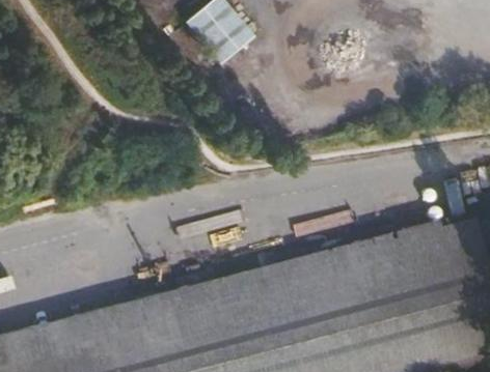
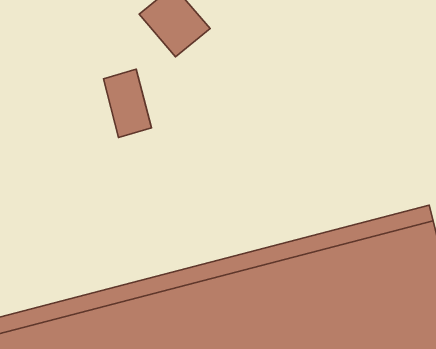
building: none -> [103,69,151,137]

